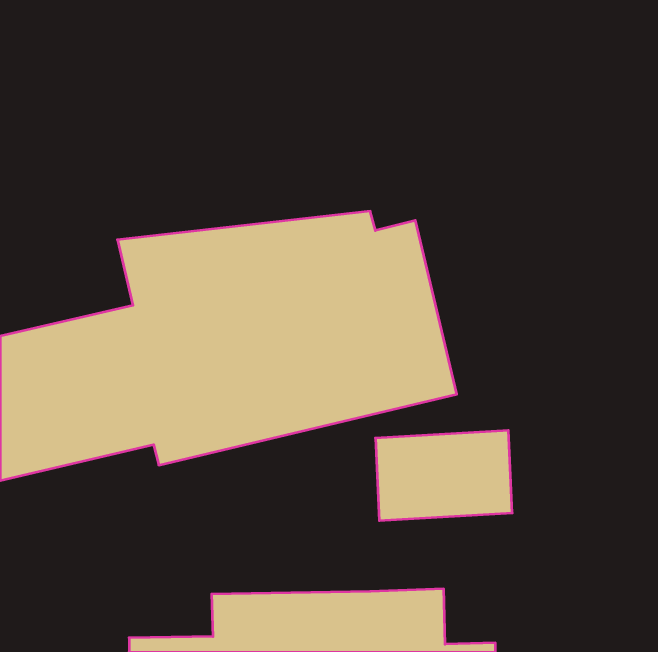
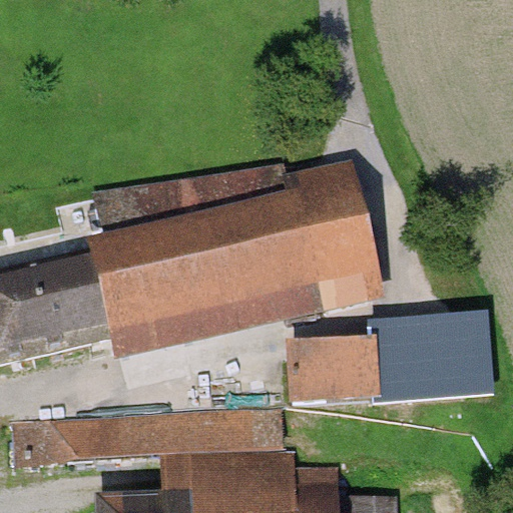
building: none -> [399,320,470,398]
building: none -> [16,412,289,466]

